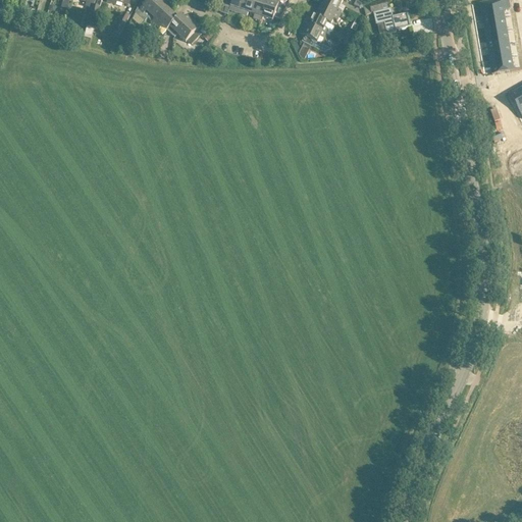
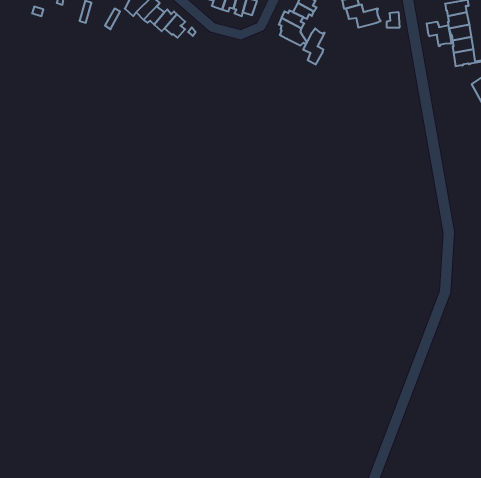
building: none -> [427,22,451,46]
building: none -> [303,28,325,65]

